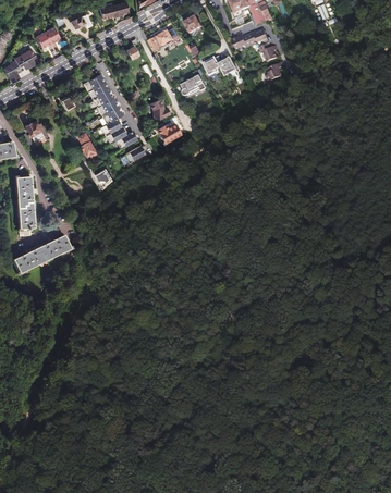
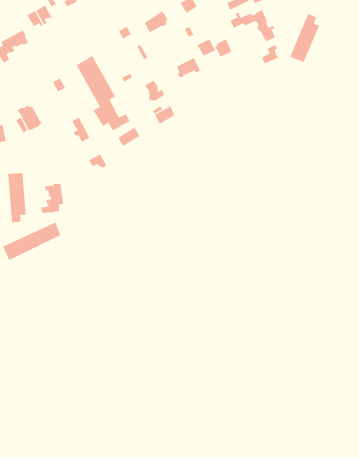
building: none -> [290,13,320,63]
building: none -> [41,183,63,213]

